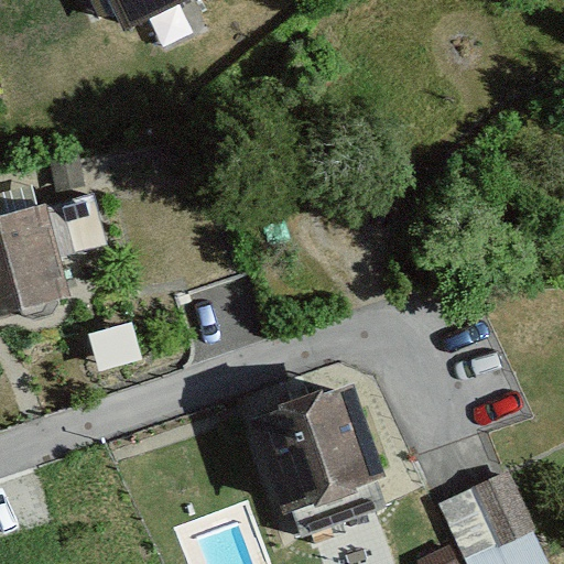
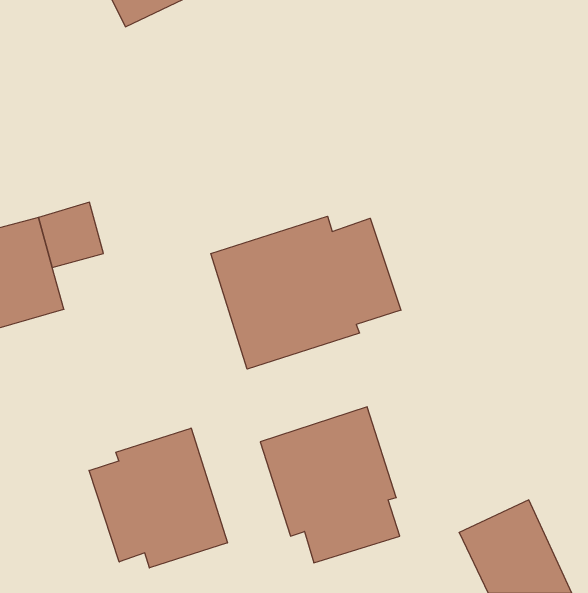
building: none -> [211,216,401,369]
building: none -> [89,428,227,568]

